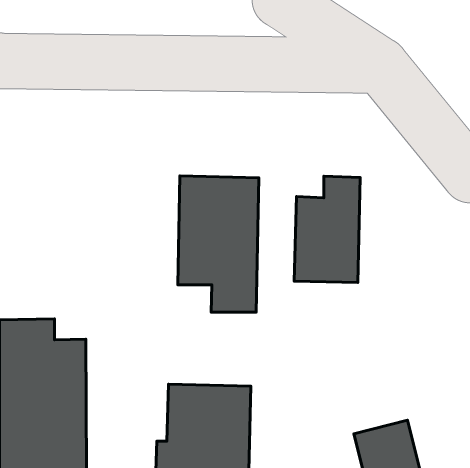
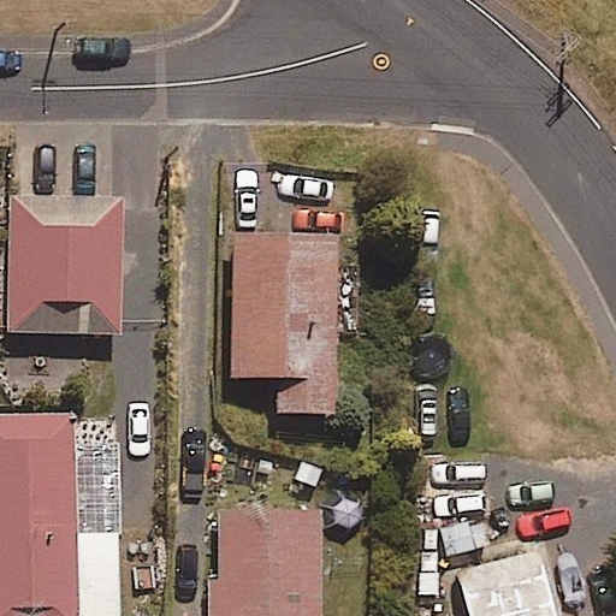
building: none -> [7,199,123,338]
building: [294,176,360,282] -> none

